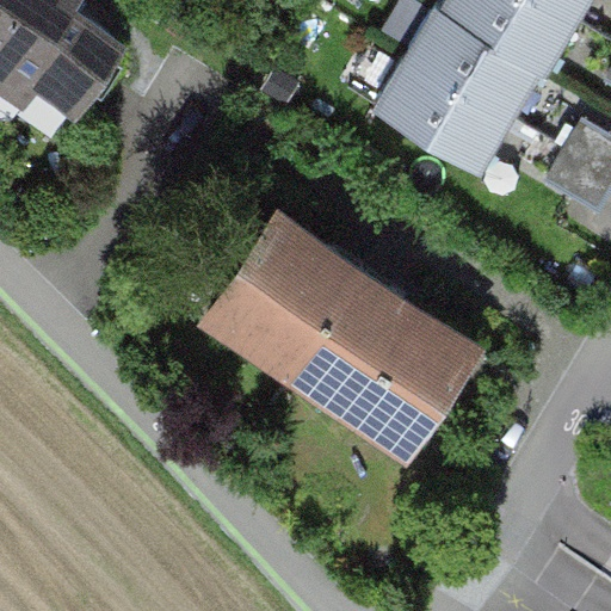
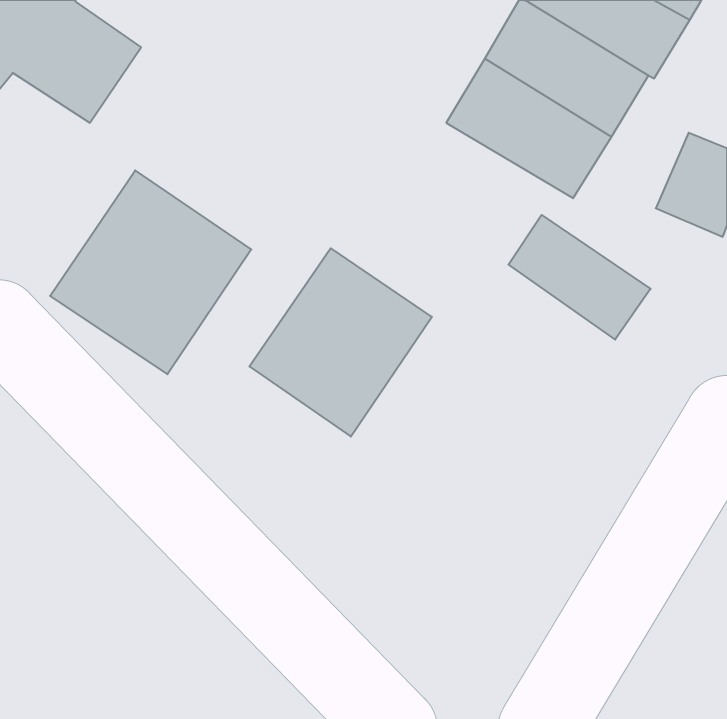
building: none -> [50,170,251,374]
building: none -> [508,215,651,340]
building: [294,273,474,449] -> none

